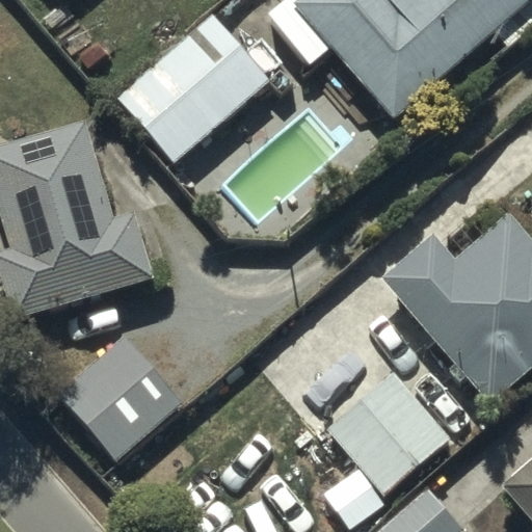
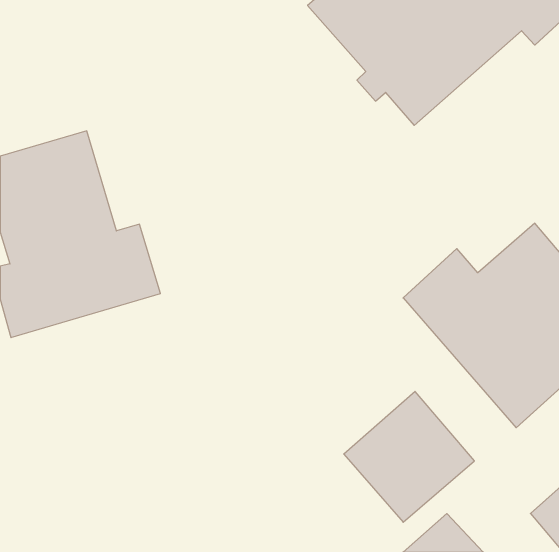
building: [115,12,269,162] -> none
building: [37,332,184,476] -> none

